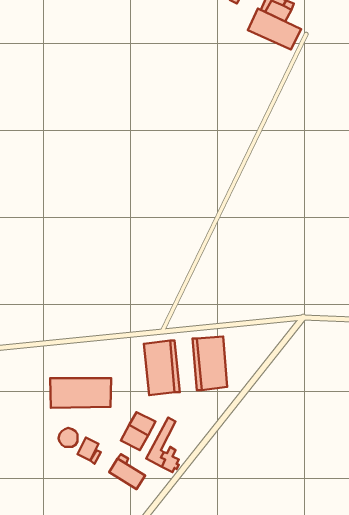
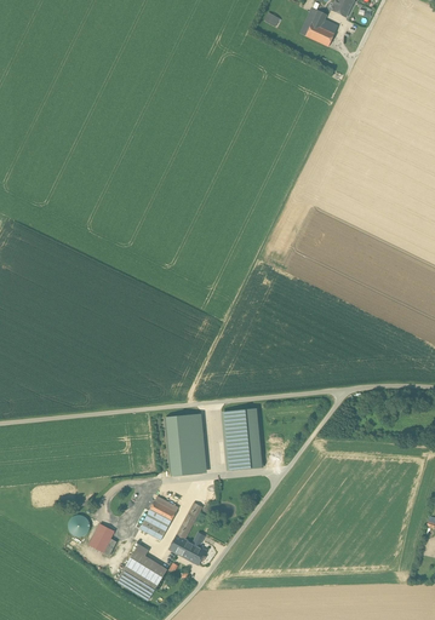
building: [248,8,301,50] -> none
building: [50,378,111,408] -> none
building: none -> [116,564,158,599]

